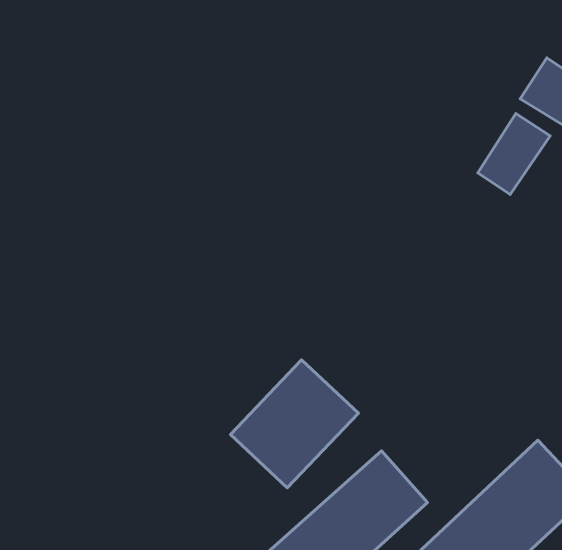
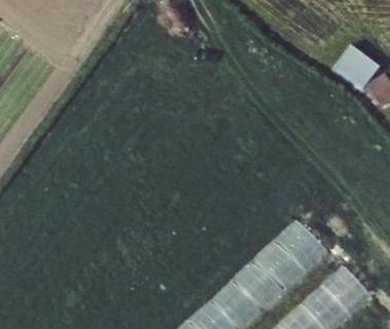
building: [478,114,550,195] -> none
building: [230,360,358,488] -> [252,218,326,292]

